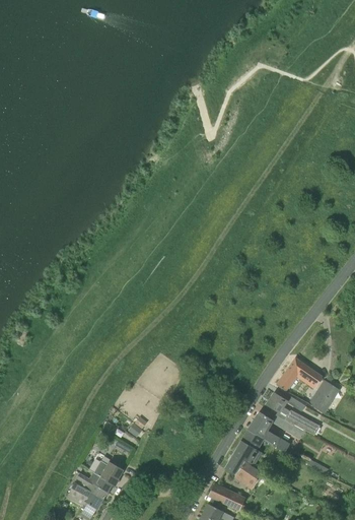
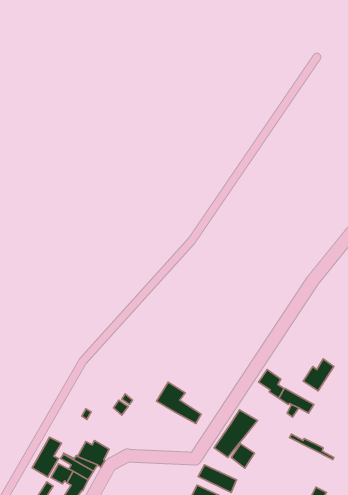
building: [275,359,323,392] -> none
building: [247,411,290,451] -> [157,382,201,424]
building: none -> [32,437,62,477]

